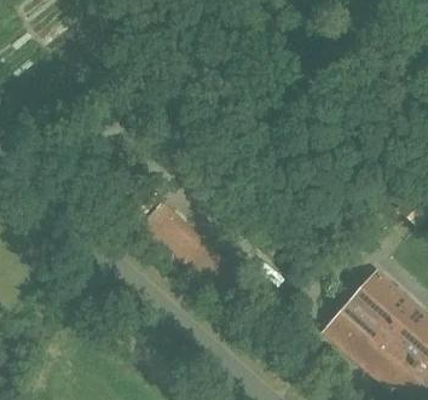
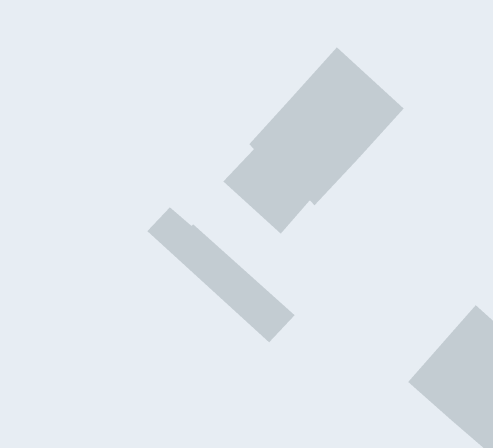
building: none -> [223,47,404,235]

